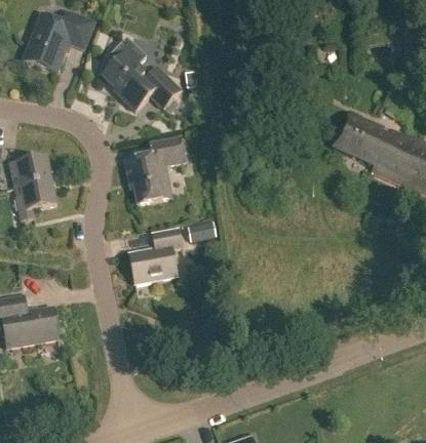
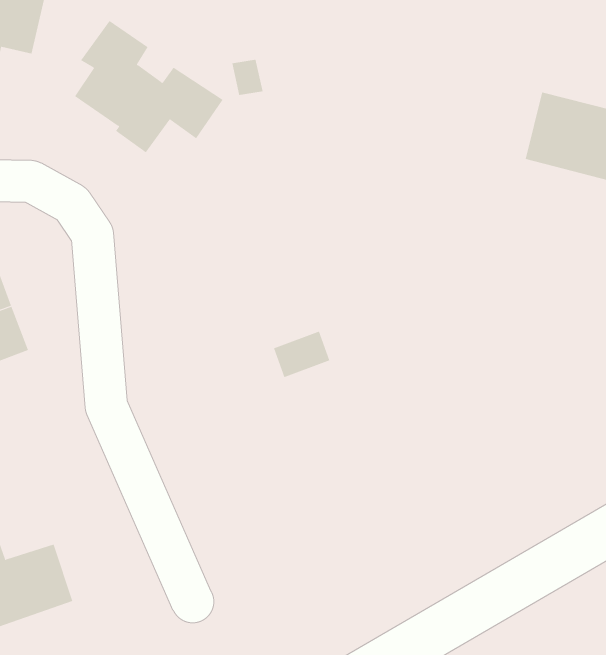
building: [124,136,185,204] -> none
building: [129,229,181,284] -> none

